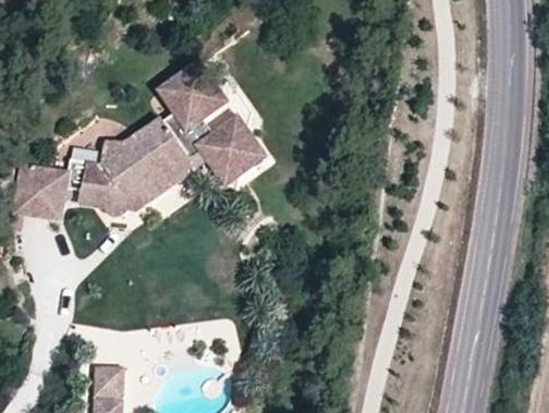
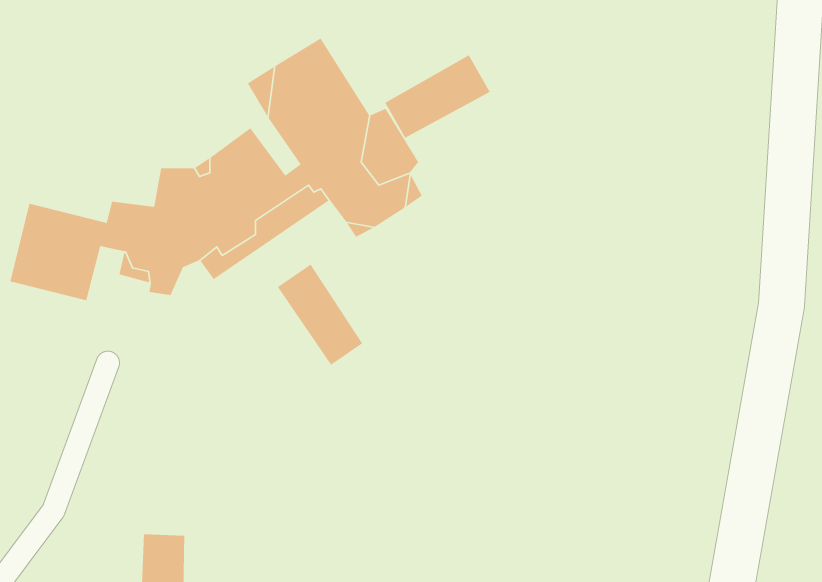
building: none -> [384,54,491,139]
building: none -> [277,264,363,366]

